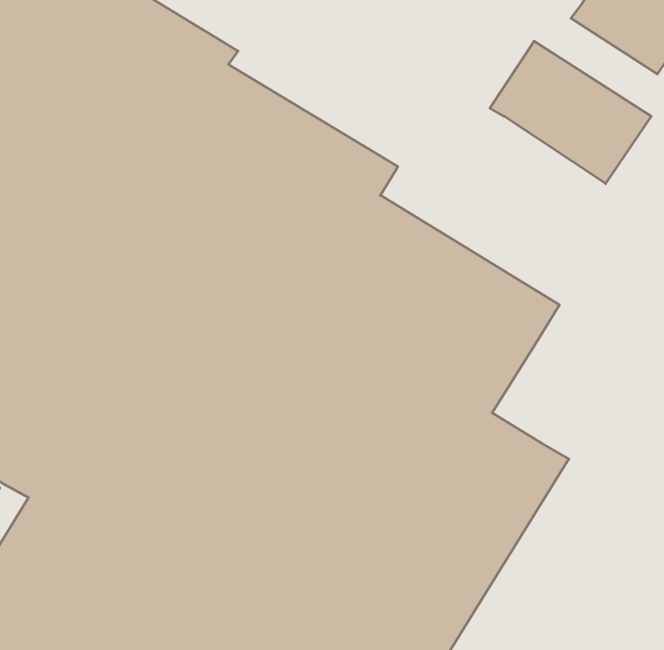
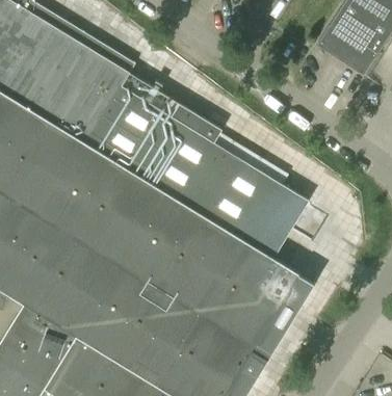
building: [490,41,651,184] -> none

